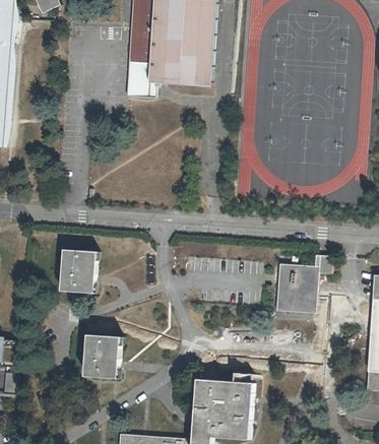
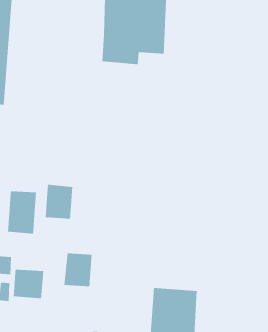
building: [274,255,331,313] -> none
building: none -> [8,191,37,235]
building: none -> [13,269,44,299]

